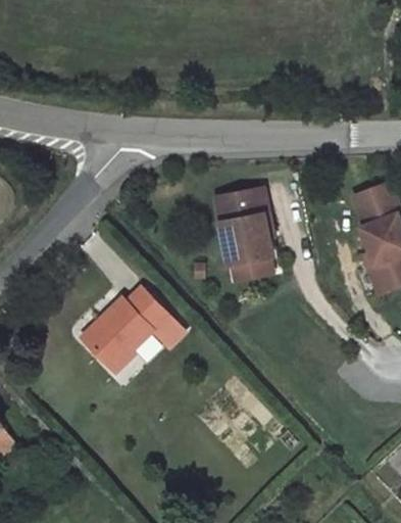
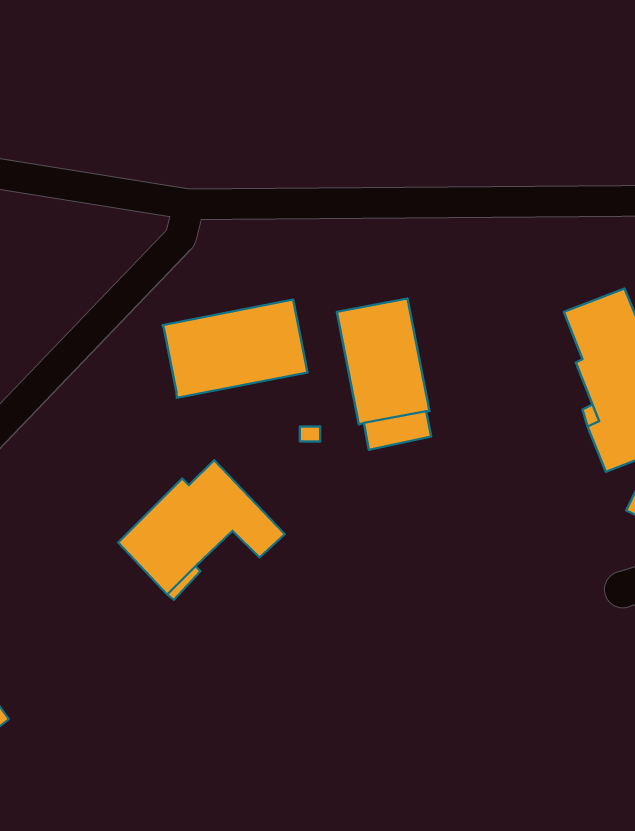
building: none -> [162,300,307,398]

